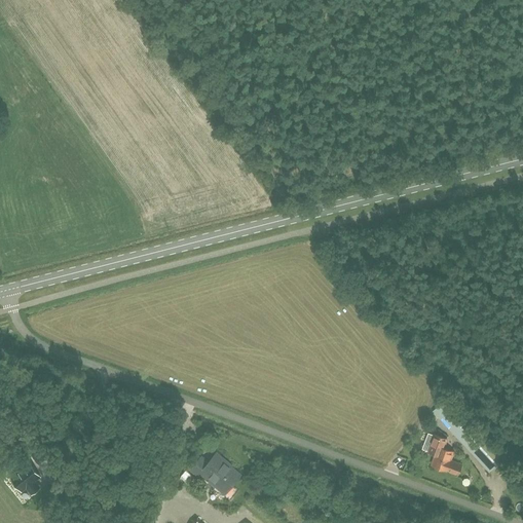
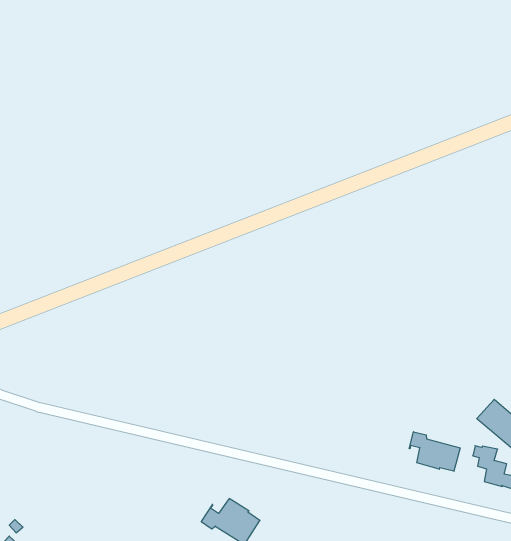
building: none -> [409,432,460,471]

